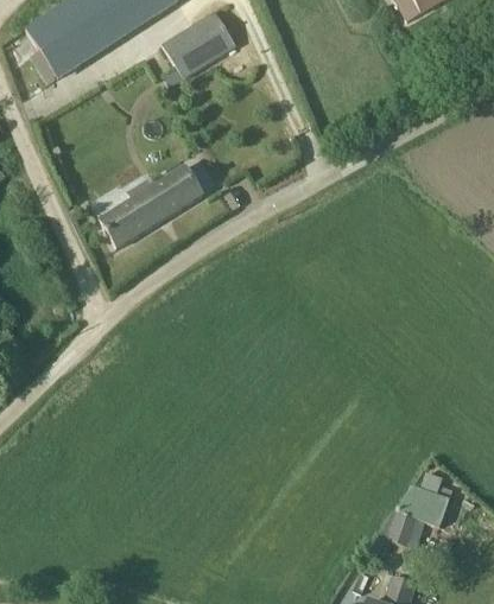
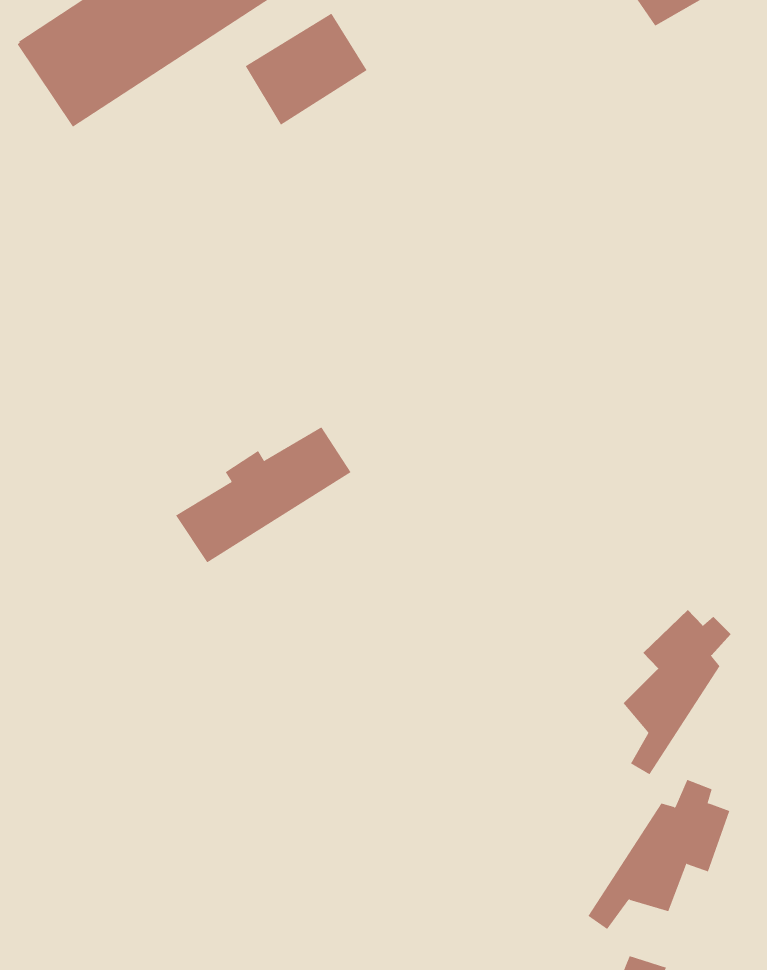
building: [97,165,203,247] -> [175,427,352,563]
building: none -> [623,609,731,775]

